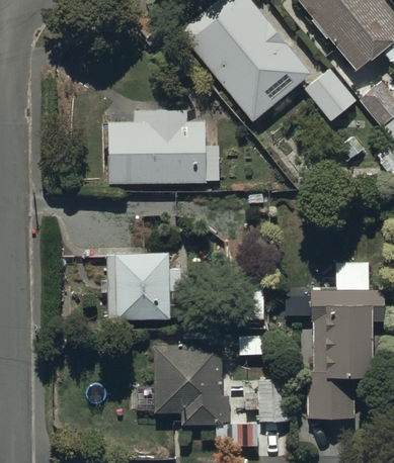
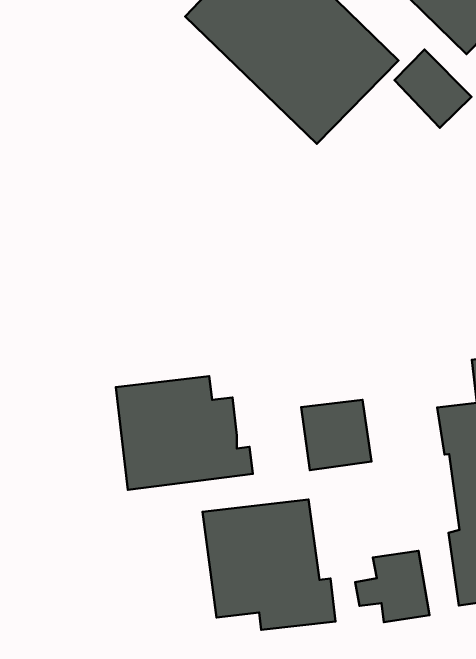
building: [108,111,220,184] -> none

